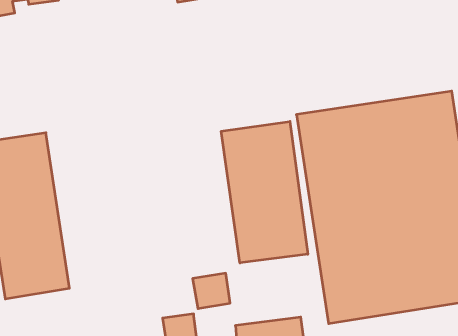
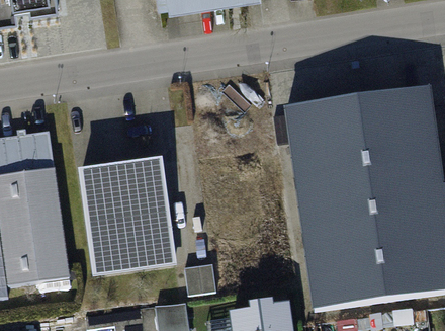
building: [221,121,308,263] -> none
building: none -> [81,164,176,272]

